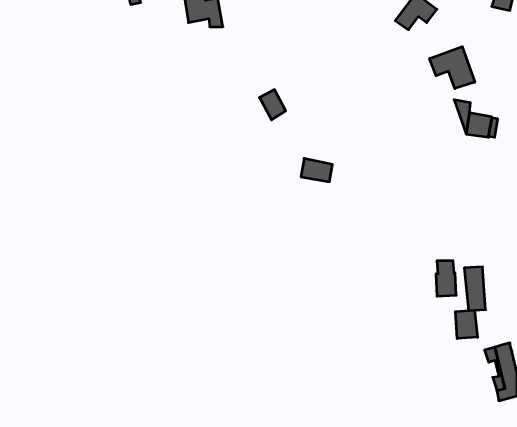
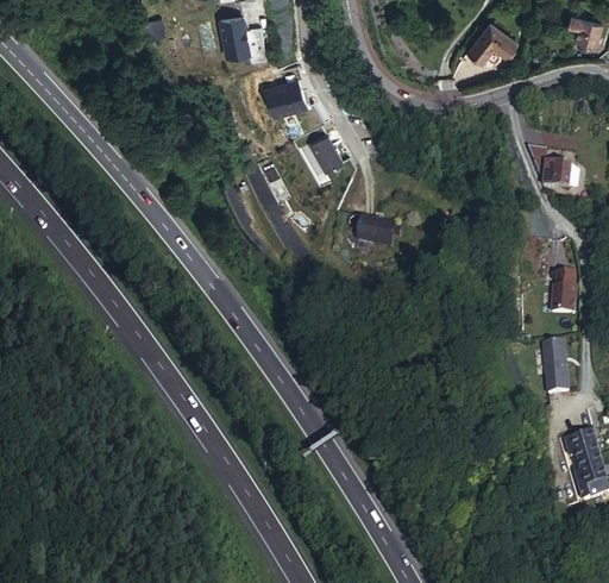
building: none -> [260,79,302,115]
building: [430,47,475,89] -> none
building: [436,261,456,296] -> [555,272,579,314]
building: [455,310,478,339] -> none

